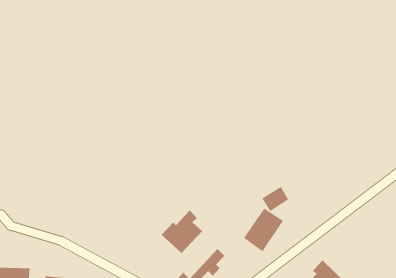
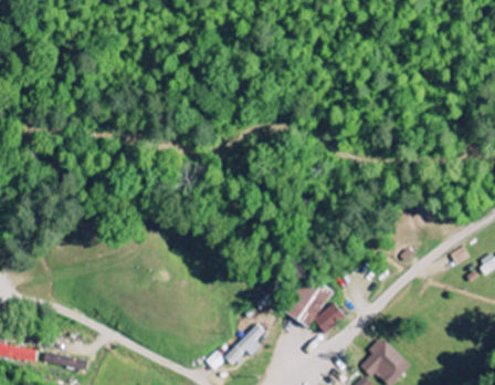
building: [261,186,289,212] -> [314,303,346,333]
building: [161,210,203,254] -> none

